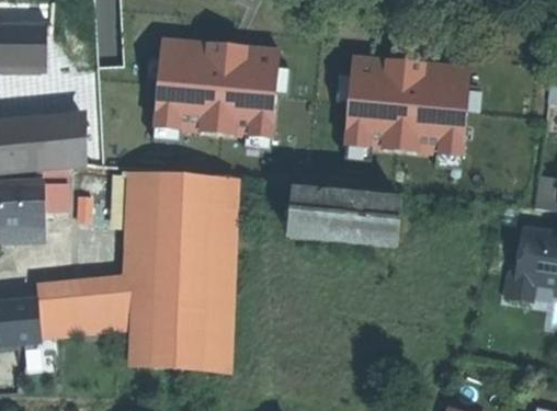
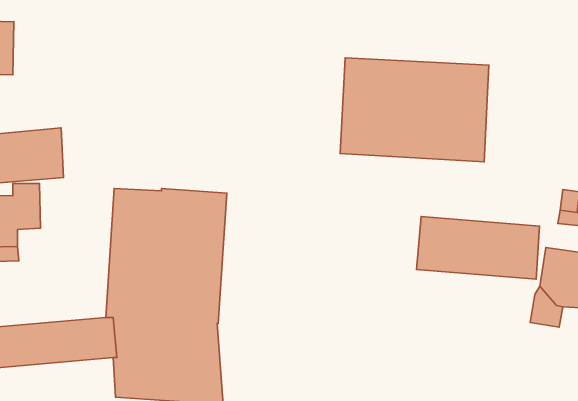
building: [145,36,282,135] -> none
building: [288,190,400,247] -> [416,216,540,279]

